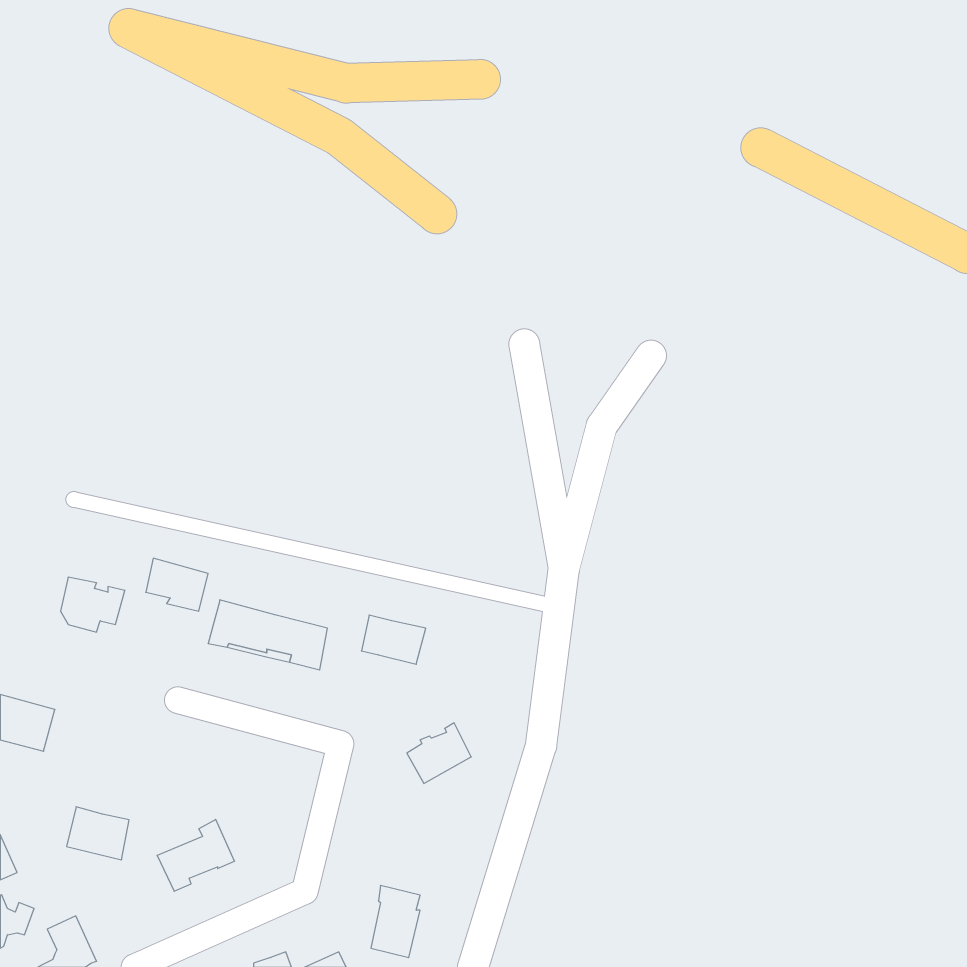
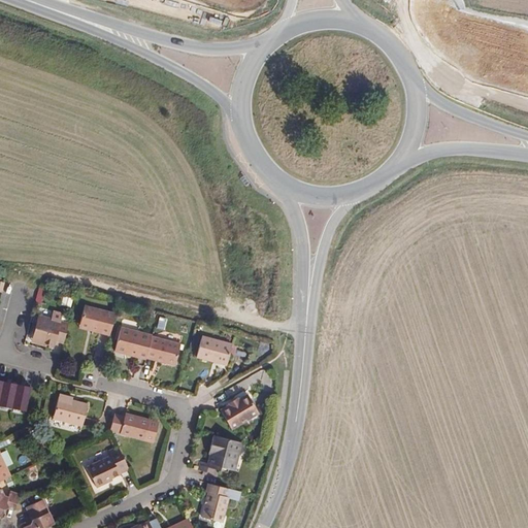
building: none -> [109,414,150,440]
building: none -> [198,434,238,471]
building: [67,807,129,860] -> [52,398,86,427]

